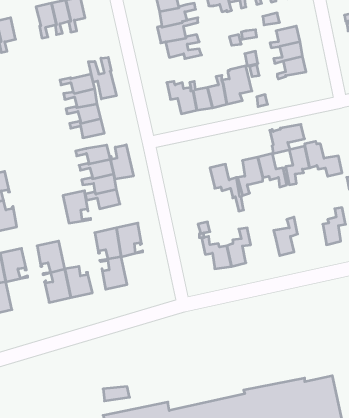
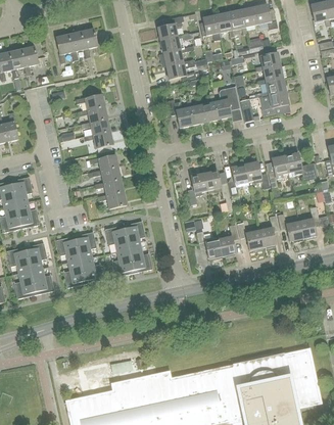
building: [88,57,116,99] -> none
building: [270,124,305,153] -> [259,91,289,115]
building: [110,145,133,179] -> none
building: none -> [188,173,208,205]
building: [63,191,91,223] -> [76,231,99,258]
building: none -> [278,213,303,241]
building: none -> [237,222,264,250]
building: none -> [129,245,152,272]
building: none -> [31,267,54,293]

